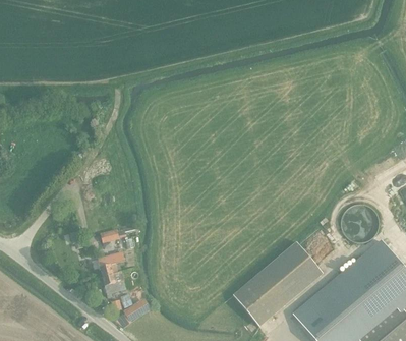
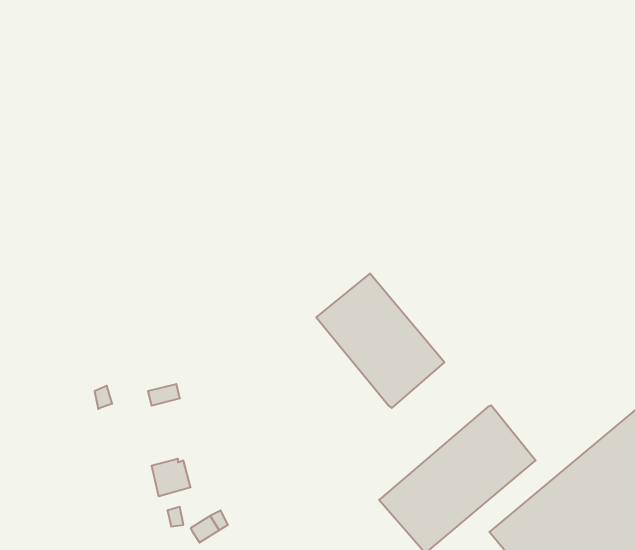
building: none -> [316,273,444,408]
building: [97,251,123,276] -> none

